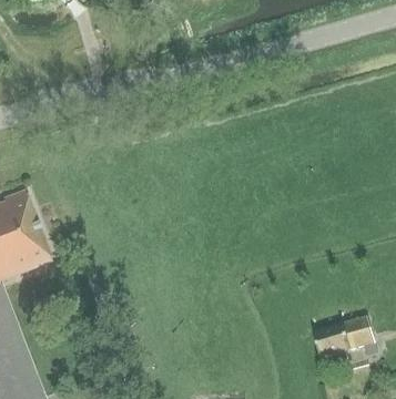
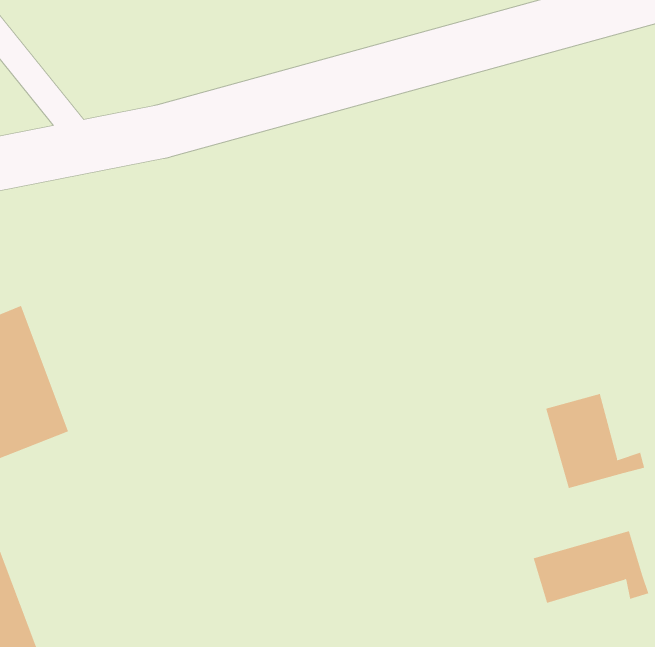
building: none -> [545,393,645,489]

